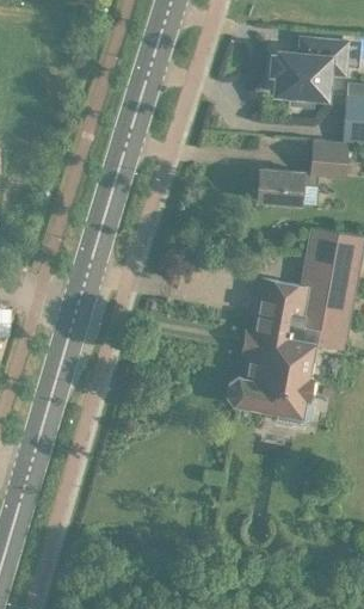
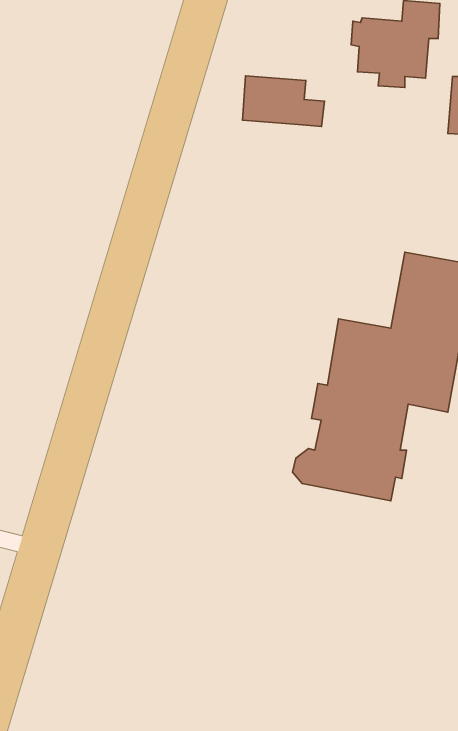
building: [308,142,344,177] -> none
building: [254,168,316,207] -> [242,76,325,127]

